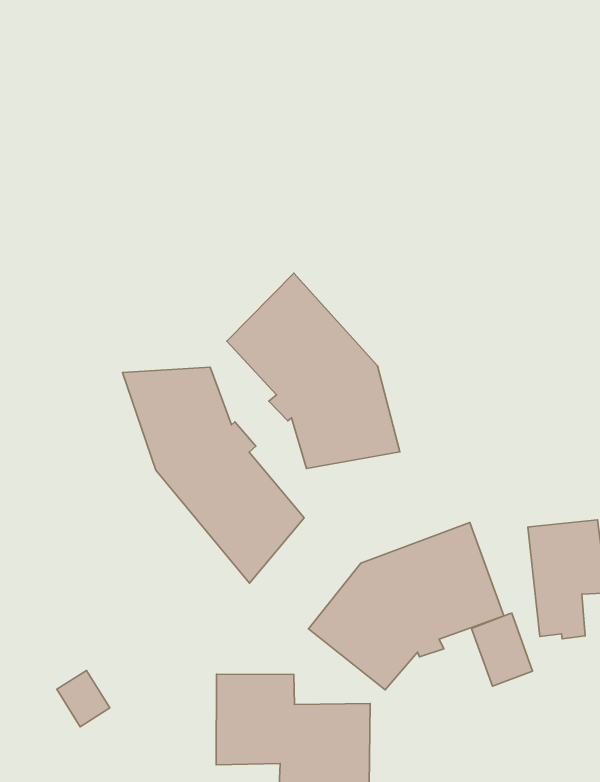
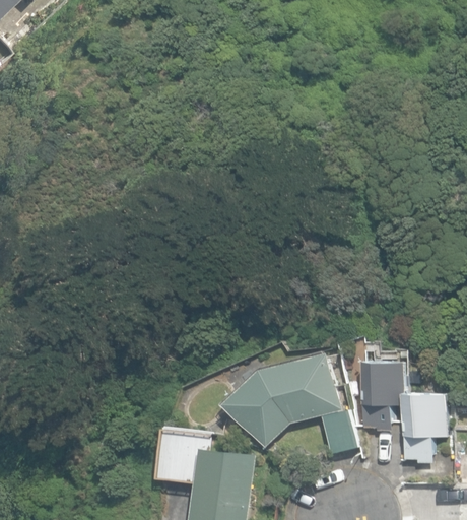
building: [227,273,400,469] -> none
building: [123,367,304,583] -> none

